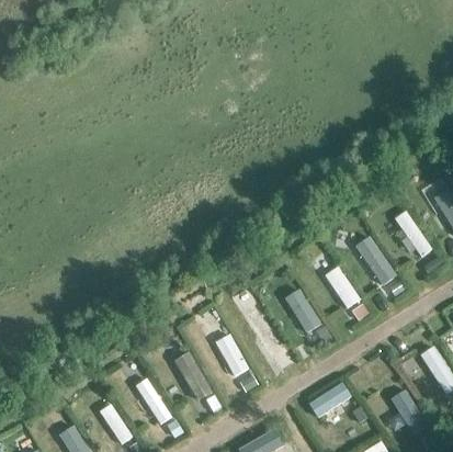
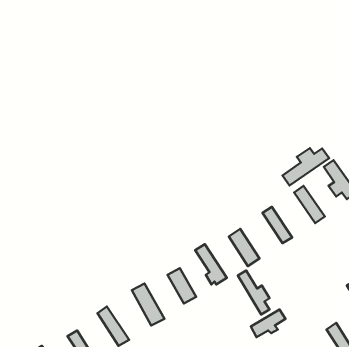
building: none -> [283,148,329,185]
building: none -> [238,271,269,314]

